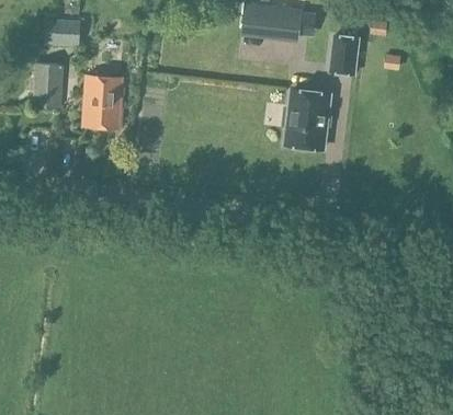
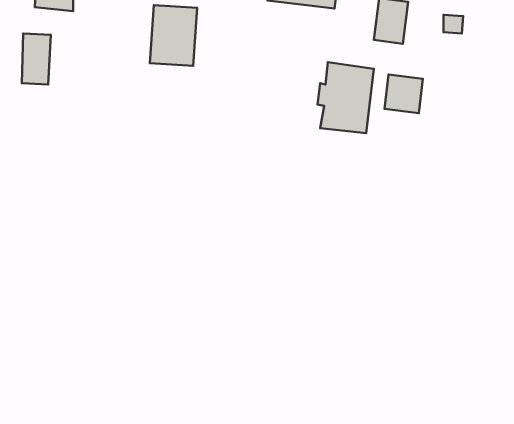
building: [83,76,123,126] -> [150,5,197,66]
building: none -> [384,74,423,113]

